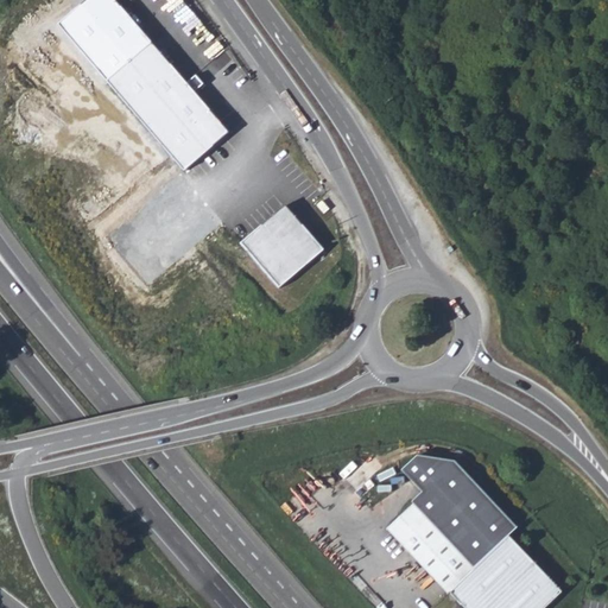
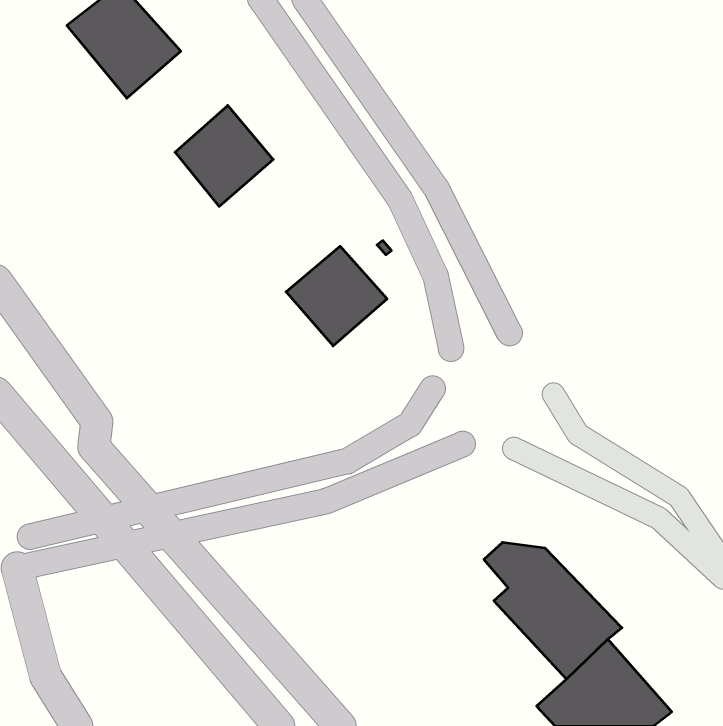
building: [106,43,190,127] -> none
building: [385,501,473,591] -> none

